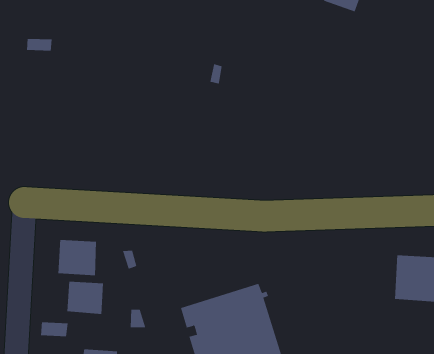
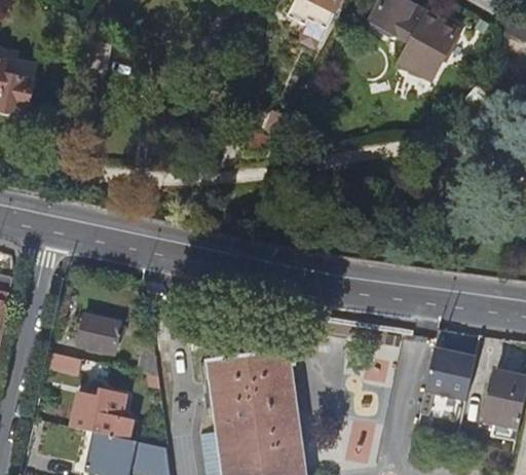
building: [58,239,96,276] -> none

